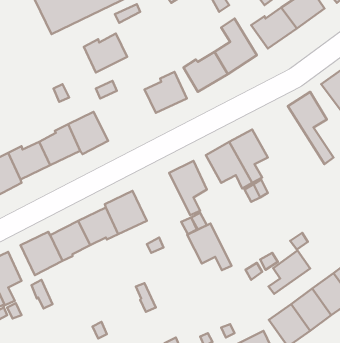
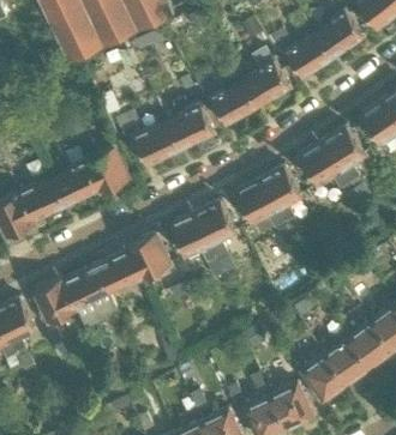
building: [84,33,127,72] -> [134,123,181,165]
building: none -> [299,141,364,209]
building: [187,224,232,270] -> [170,213,218,264]
building: [269,251,310,294] -> none

